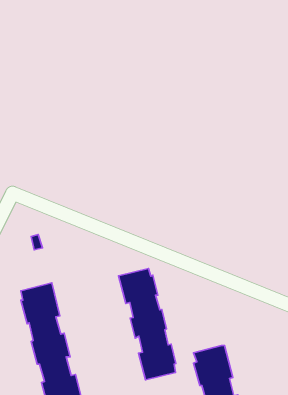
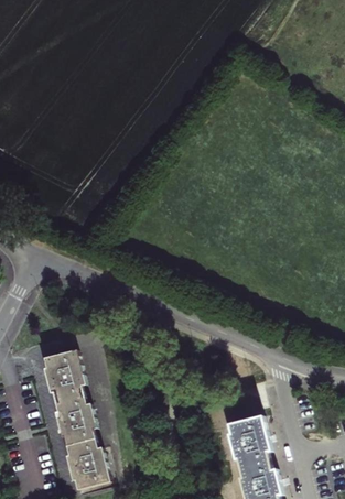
building: [119,268,176,380] -> none

